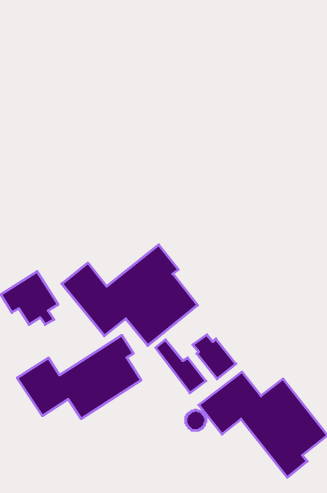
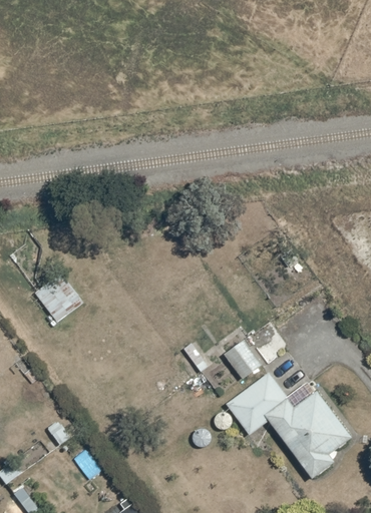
building: [62,245,198,346] -> none
building: [17,335,141,419] -> none

